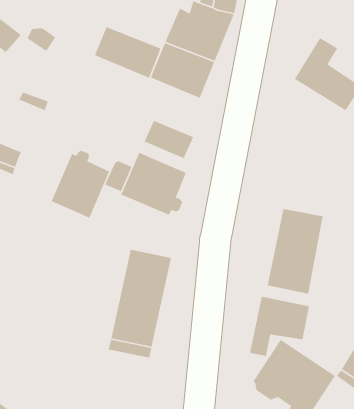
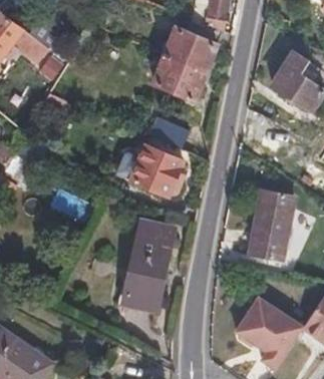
building: [94,26,162,79] -> none
building: [50,150,110,219] -> none
building: [249,296,310,357] -> none

